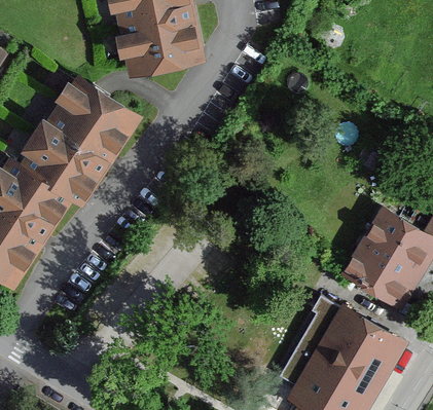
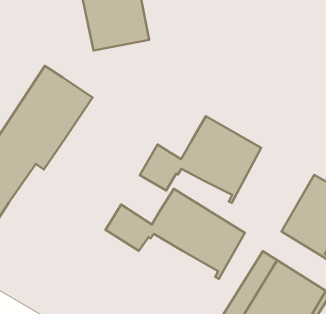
building: none -> [140,116,261,203]
building: none -> [105,189,245,279]

